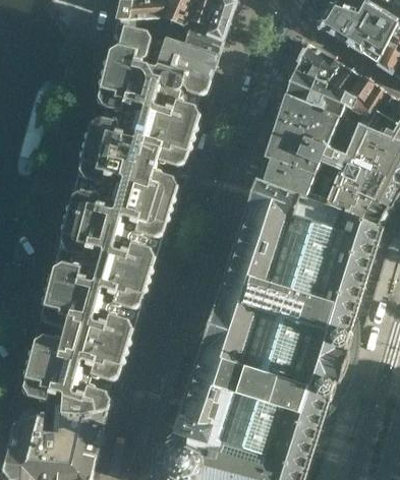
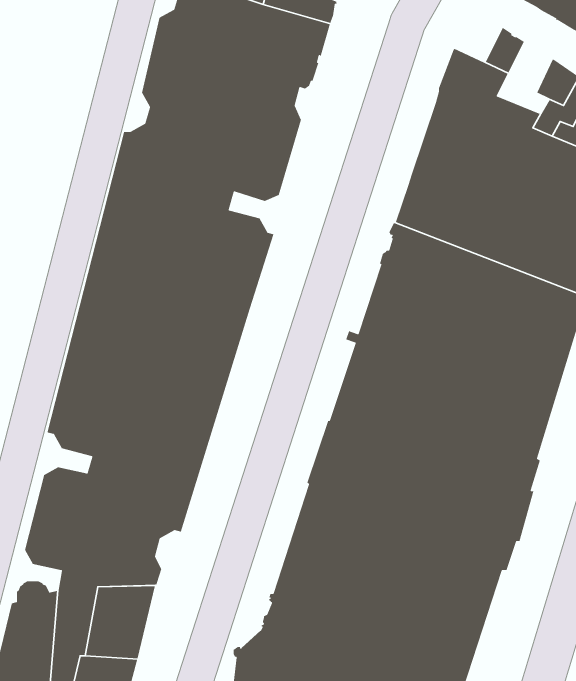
building: [295,45,326,78] -> none
building: [323,65,357,111] -> none

